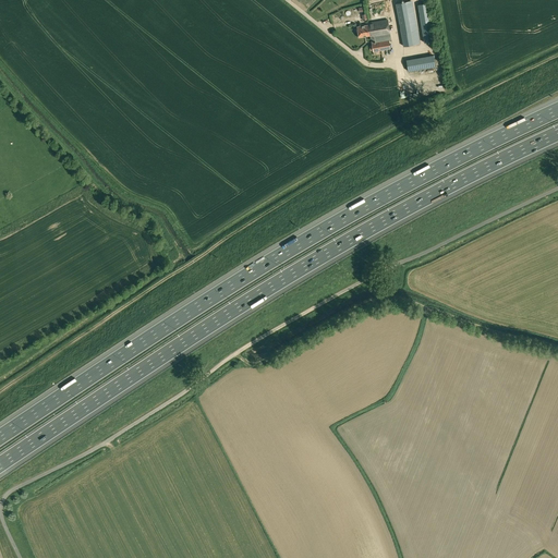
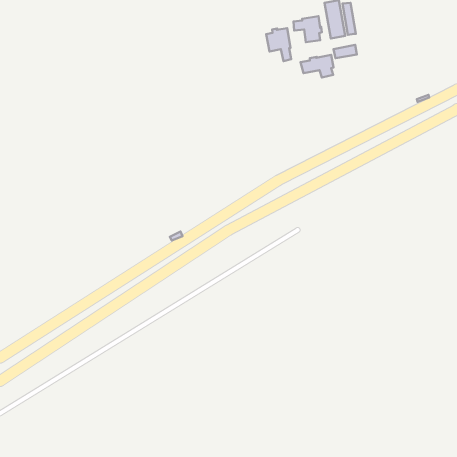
building: none -> [266,28,291,61]
building: none -> [301,55,333,77]

